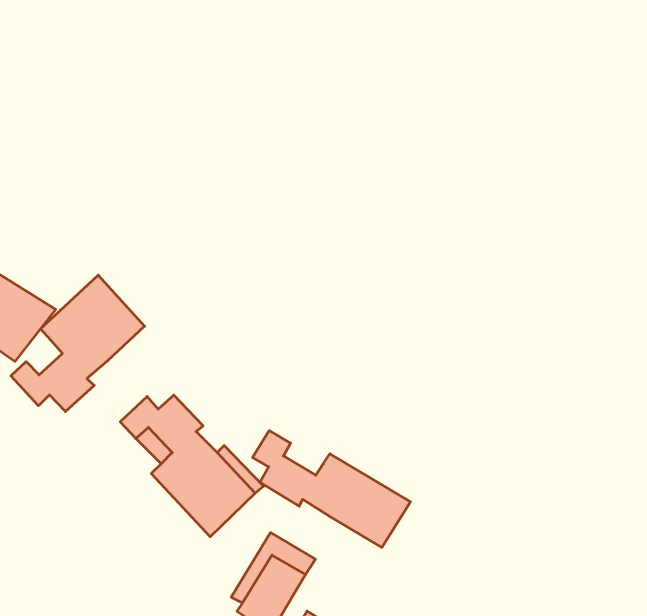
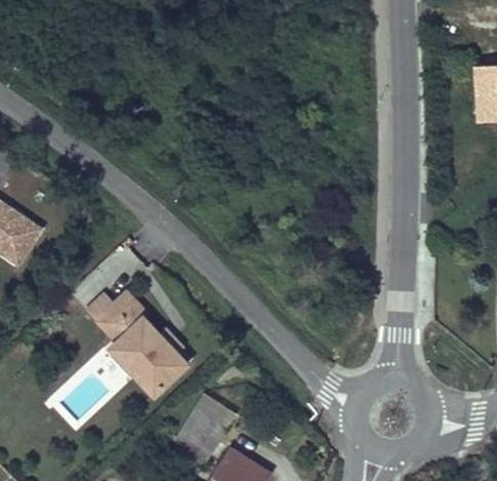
building: [11,275,145,412] -> none
building: [253,431,410,547] -> none

